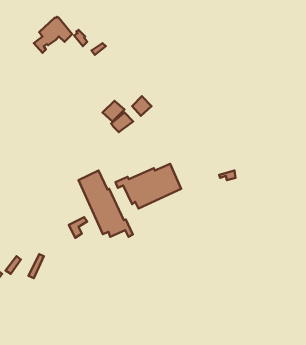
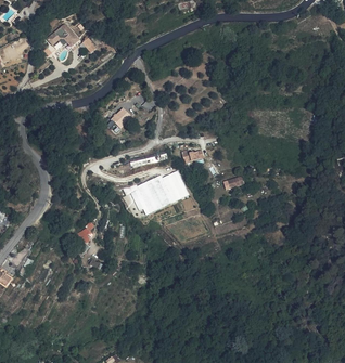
building: [79,170,133,237] -> none

